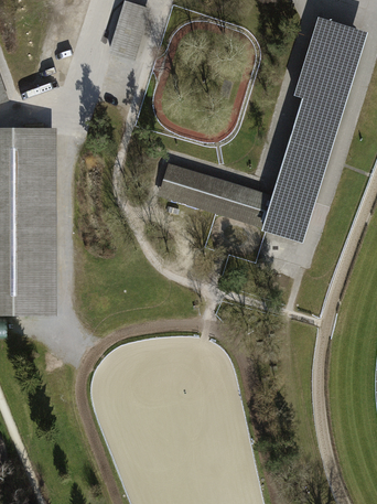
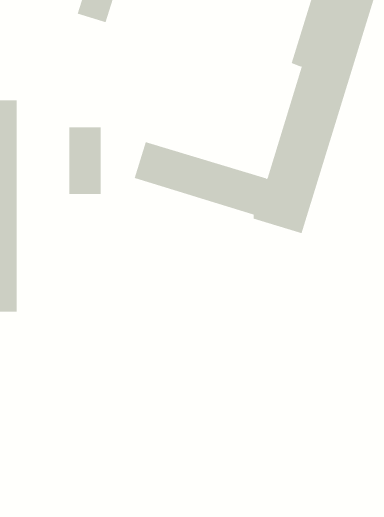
building: none -> [69,127,101,195]

